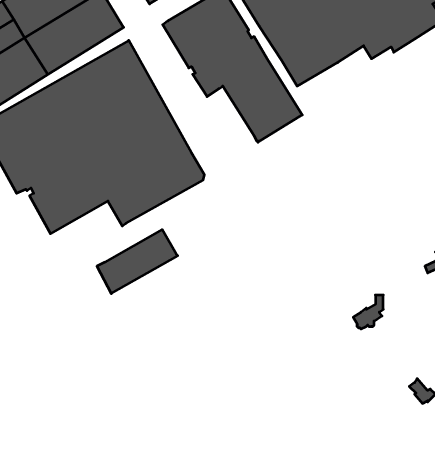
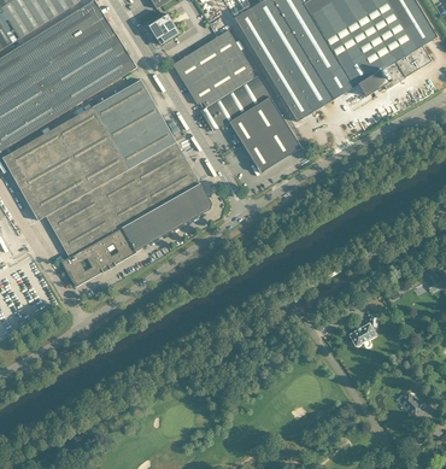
building: [97,230,178,294] -> [61,225,136,285]

